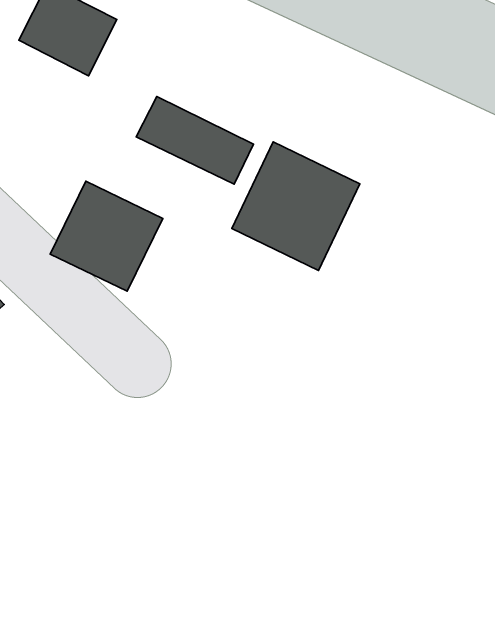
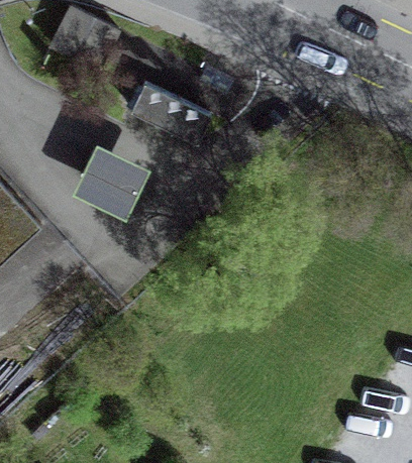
building: [232,142,360,271] -> none

